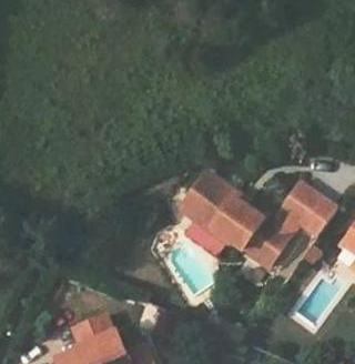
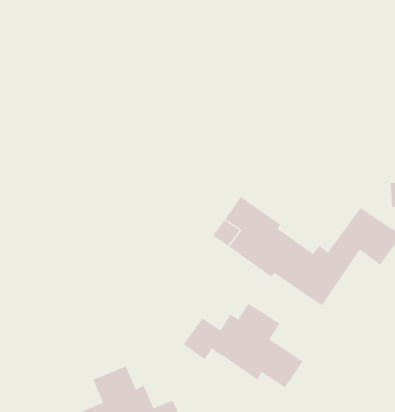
building: none -> [183,303,303,388]

